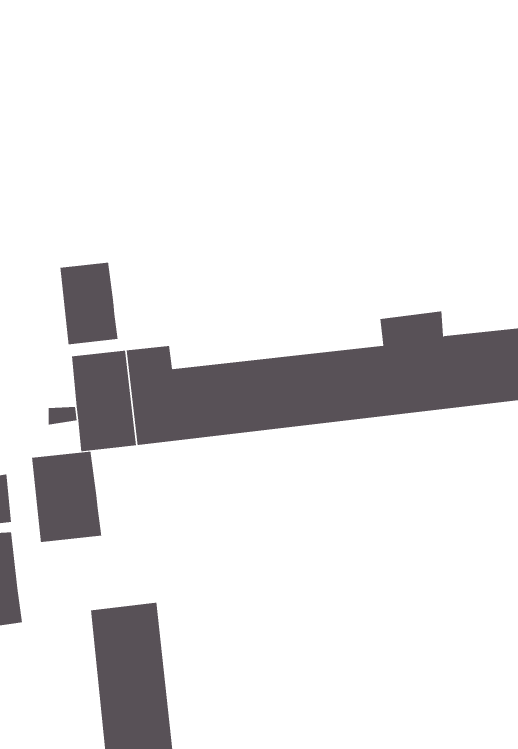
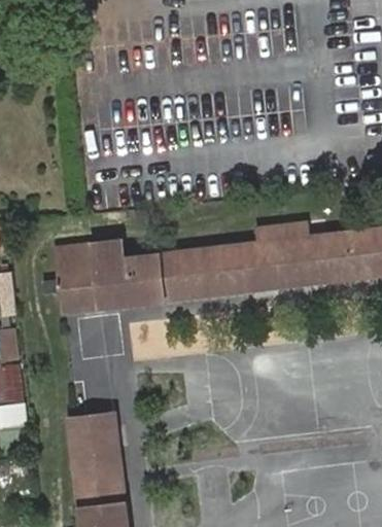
building: [60,262,118,345] -> none
building: [31,451,102,543] -> none

